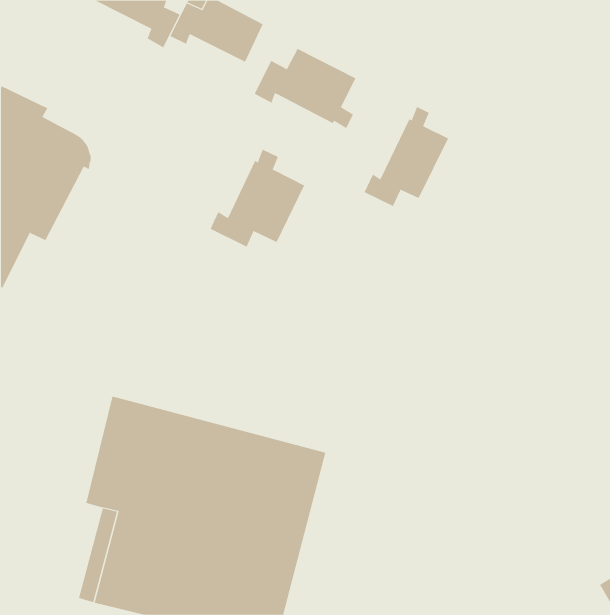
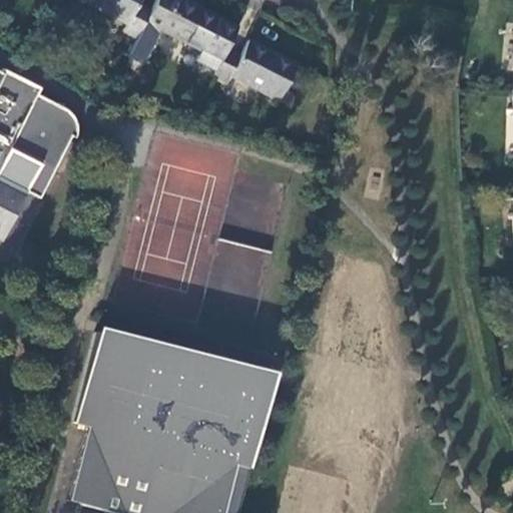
building: [364,106,449,207] -> none
building: [210,149,305,248] -> none

